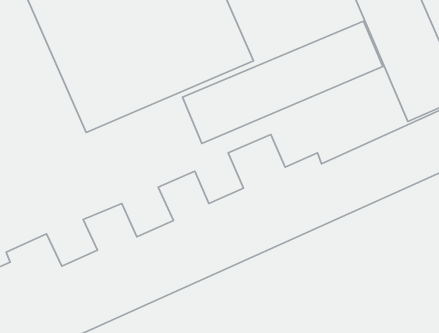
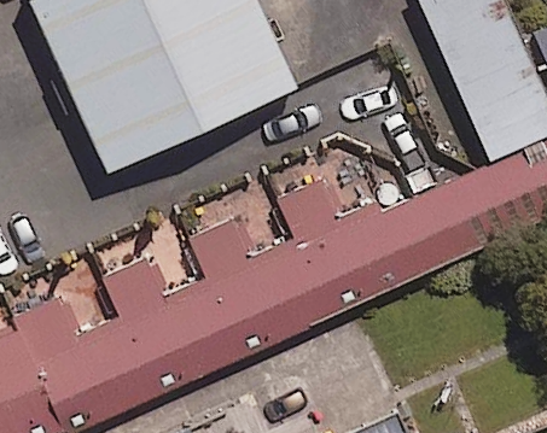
building: [183,21,383,144] -> none

